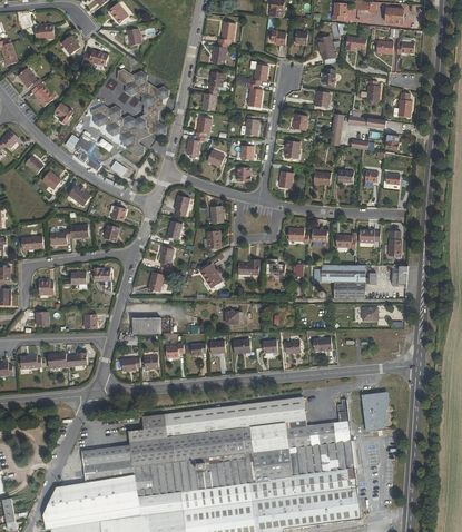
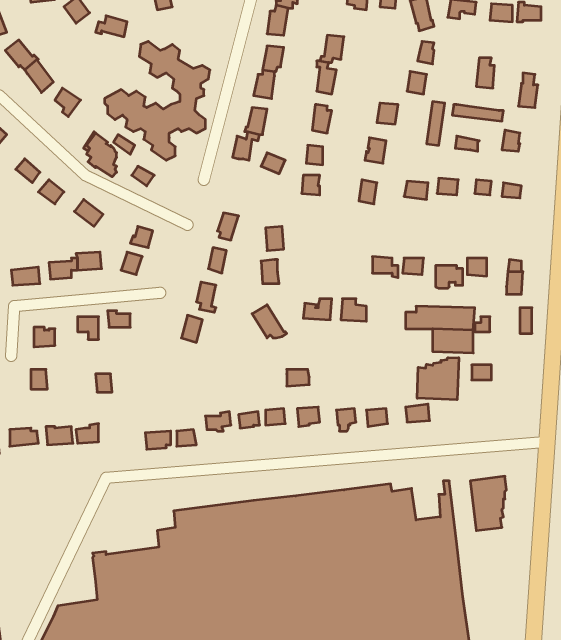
building: none -> [417,358,459,400]
building: [129,317,170,333] -> none

